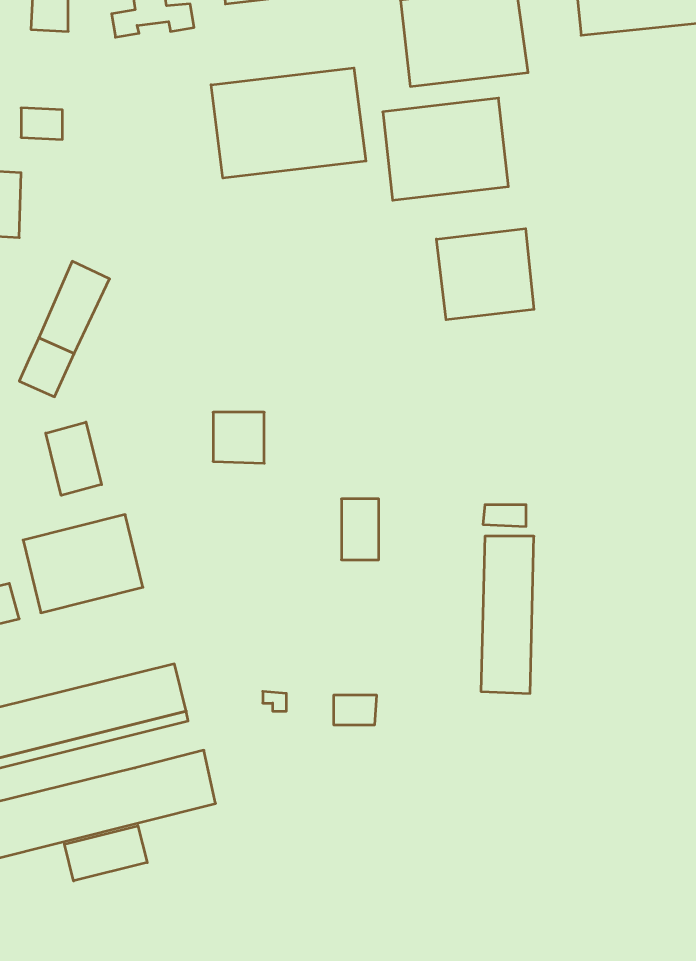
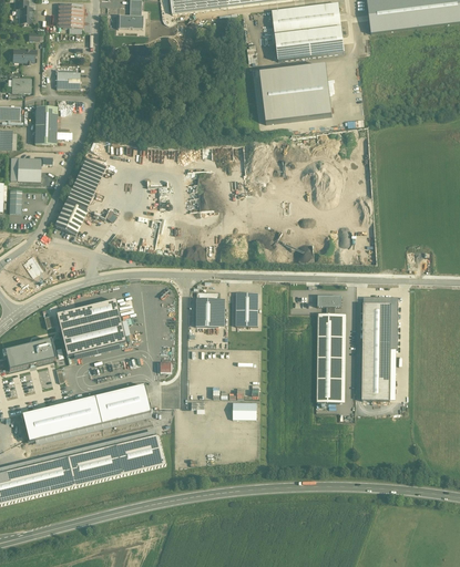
building: [211,68,366,178] -> none
building: [436,229,534,320] -> none
building: [213,412,264,463] -> [195,296,224,324]
building: [46,422,102,495] -> none
building: none -> [362,297,393,395]
building: [64,826,147,881] -> none

